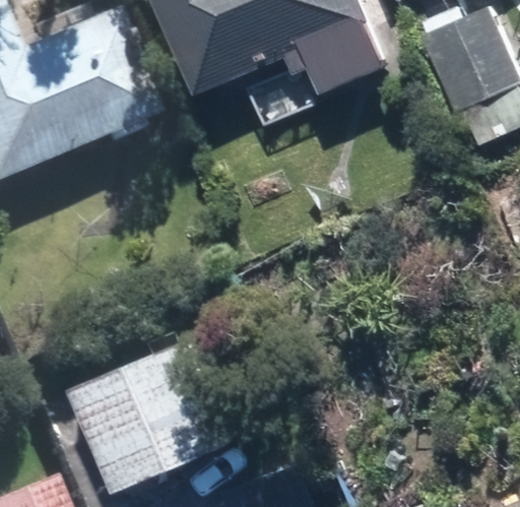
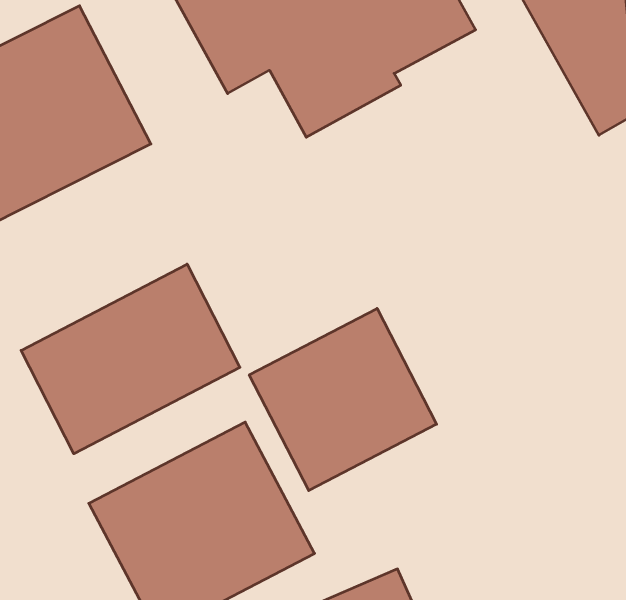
building: none -> [21,264,240,454]
building: none -> [249,308,437,491]

